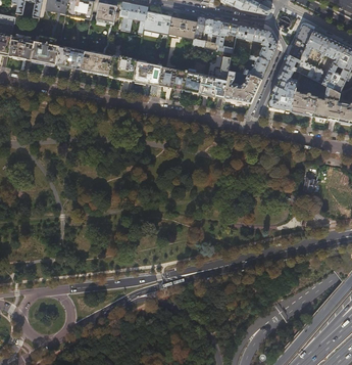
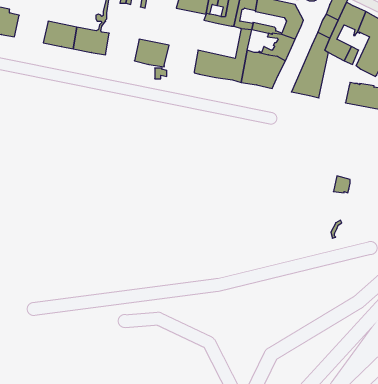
building: [31,35,59,63] -> none
building: [108,54,137,79] -> none
building: [158,65,187,88] -> none
building: [290,90,316,115] -> none

